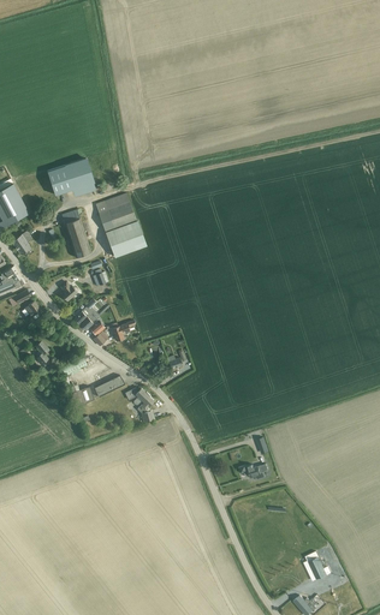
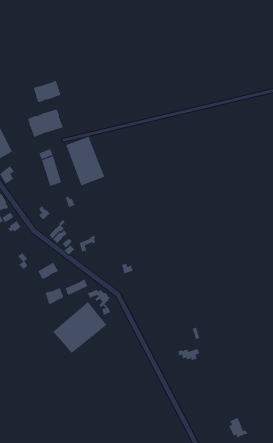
building: none -> [33,80,61,103]
building: none -> [53,301,107,354]

